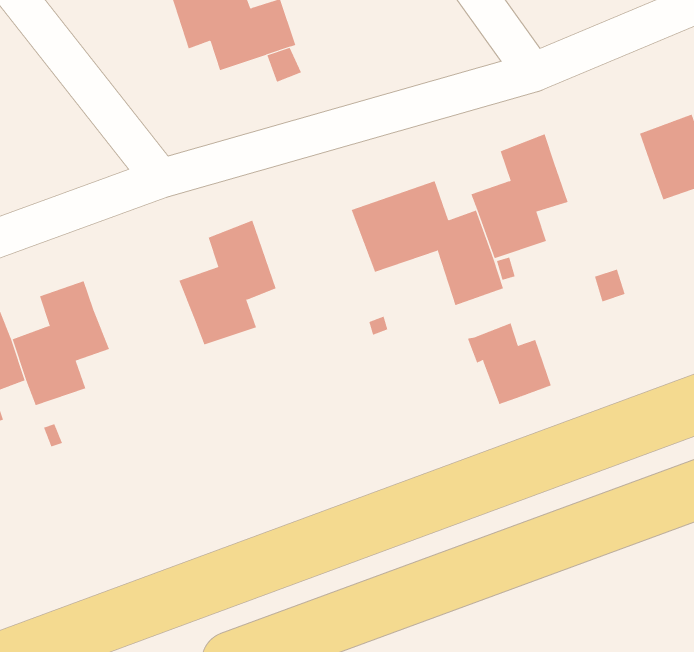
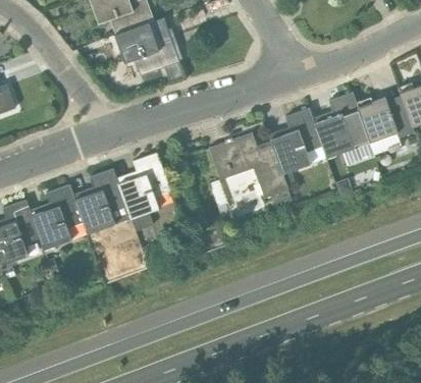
building: none -> [314,92,365,157]
building: none -> [74,168,126,233]
building: [467,323,552,405] -> none

